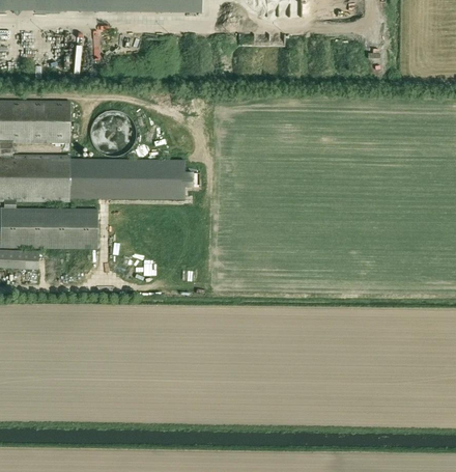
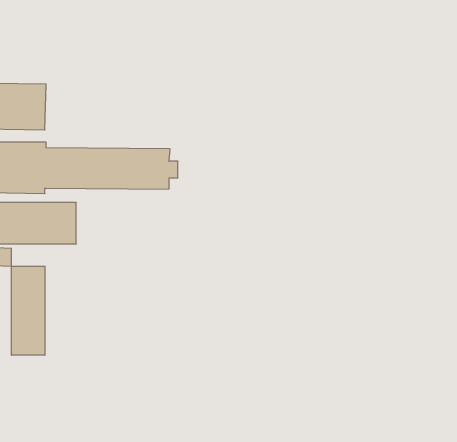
building: none -> [11,266,45,355]

